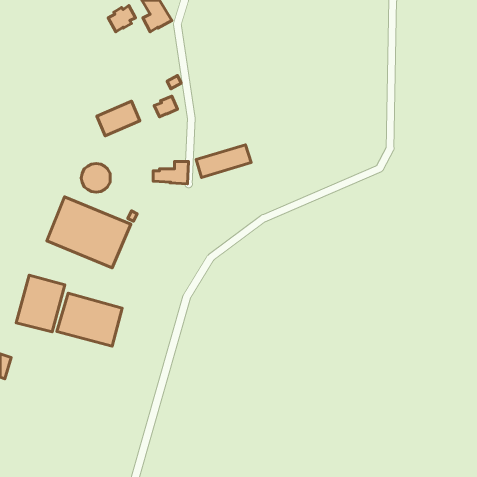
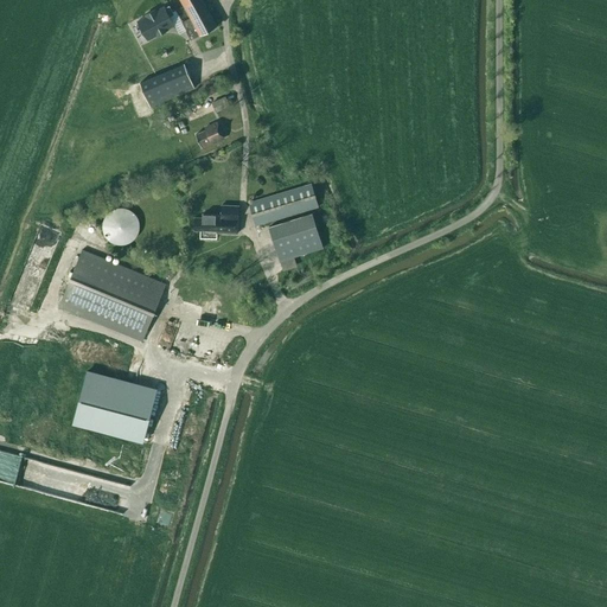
building: [97,101,140,136] -> [140,63,194,107]
building: none -> [269,213,324,262]
building: [16,275,65,332] -> none

